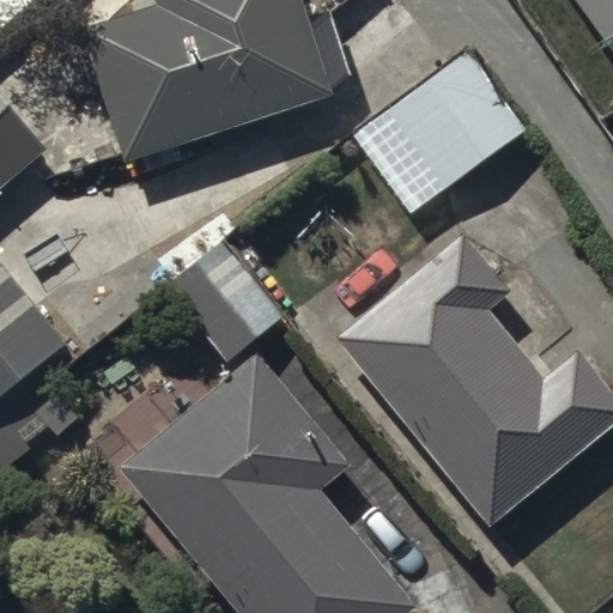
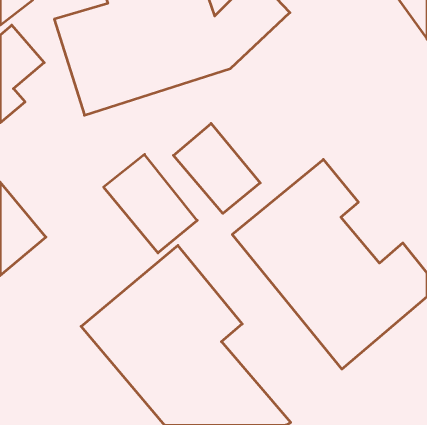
building: [351,49,527,216] -> none
building: none -> [173,123,260,213]

